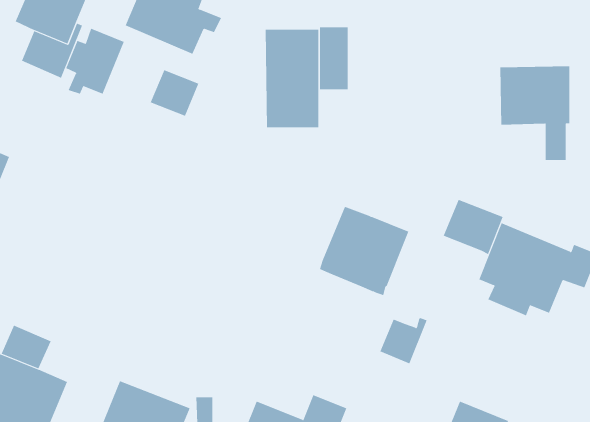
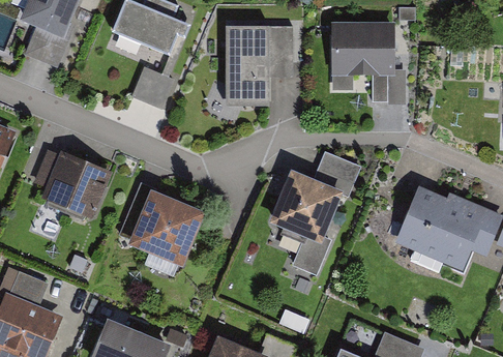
building: [66,28,124,95] -> none
building: [499,66,570,161] -> [331,19,389,96]
building: none -> [33,149,113,220]
building: [443,199,504,255] -> [312,151,361,197]
building: none -> [127,192,205,269]
building: [379,317,427,364] -> [292,238,331,276]

